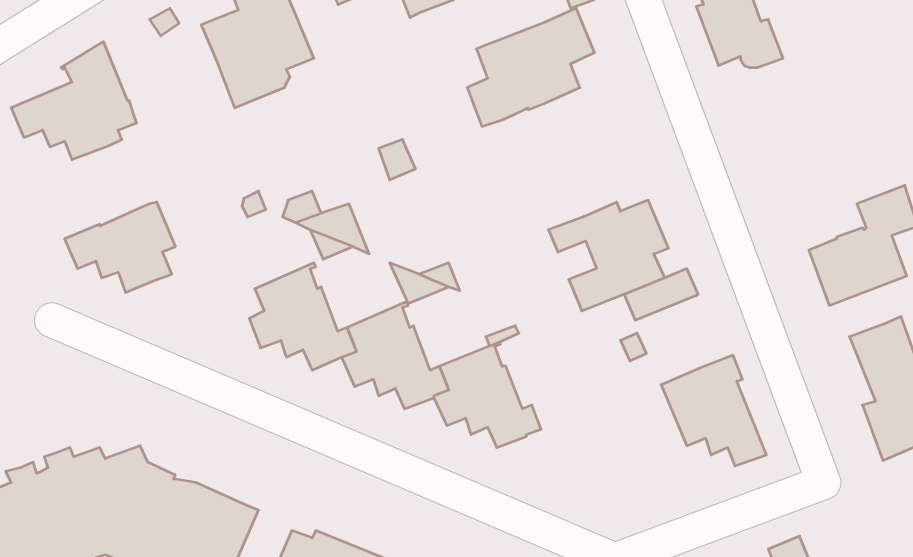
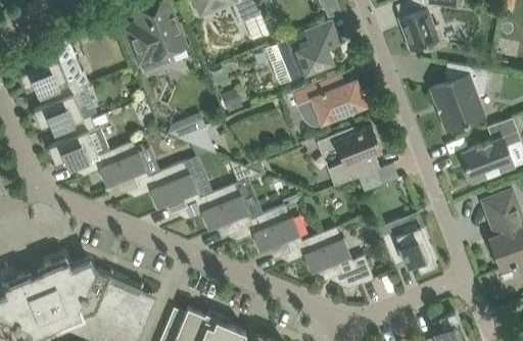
building: none -> [430,63,487,132]
building: none -> [285,71,364,123]
building: none -> [33,95,95,140]
building: none -> [99,140,158,198]
building: none -> [303,226,374,289]

